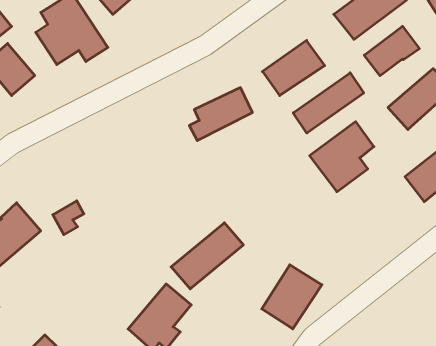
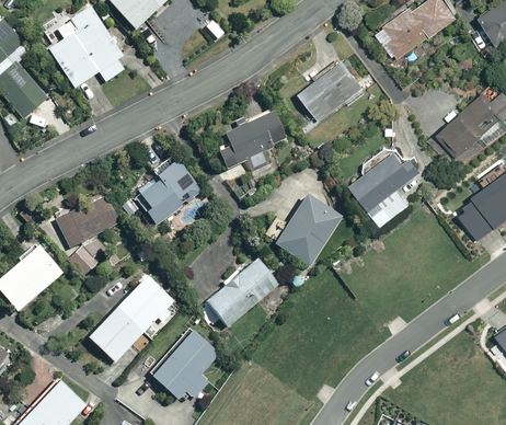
building: [364,26,419,76] -> none
building: [293,73,364,133] -> none
building: none -> [141,160,199,225]
building: none -> [54,193,115,245]
building: none -> [89,276,175,365]
building: [262,265,322,329] -> [277,196,343,266]

